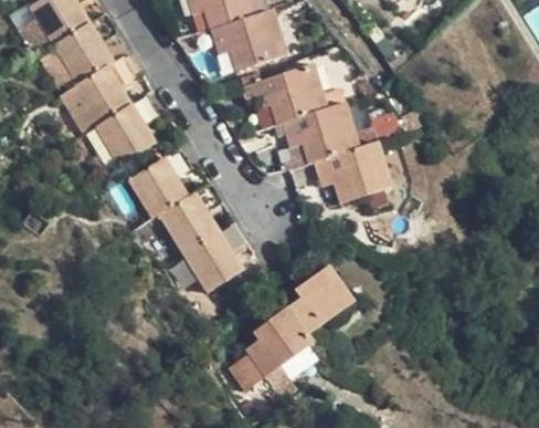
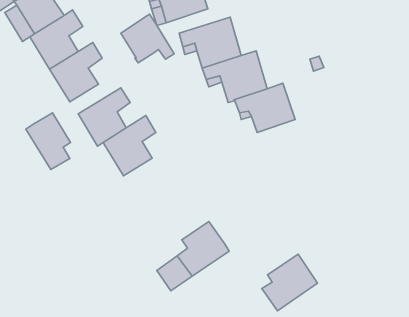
building: none -> [121,14,174,63]
building: none -> [26,113,71,170]
building: [183,222,246,291] -> none
building: [285,268,351,335] -> [262,254,317,311]

